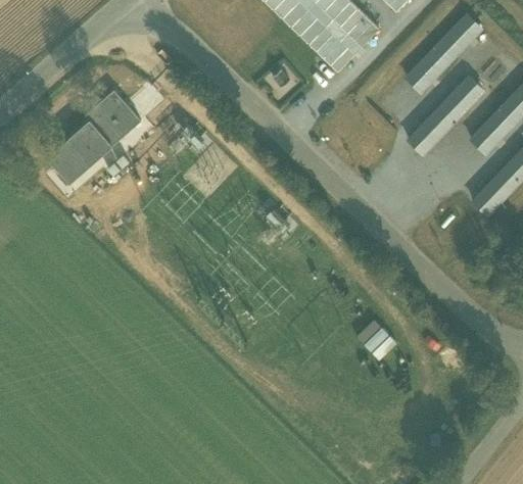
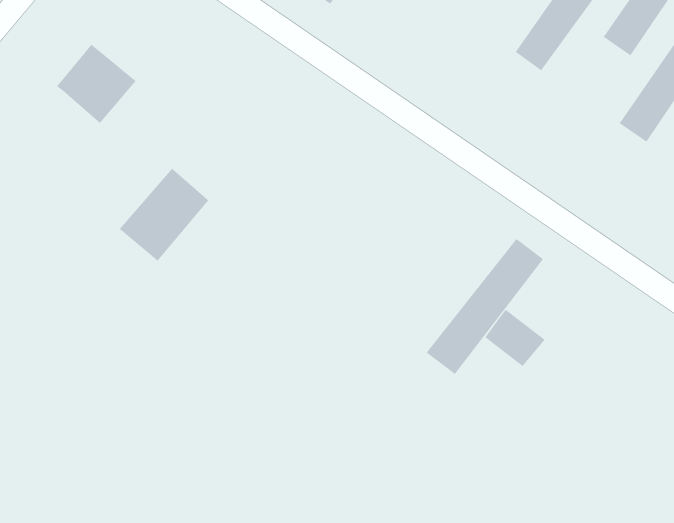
building: [47,119,112,183] -> [119,168,209,261]
building: none -> [426,238,544,375]

